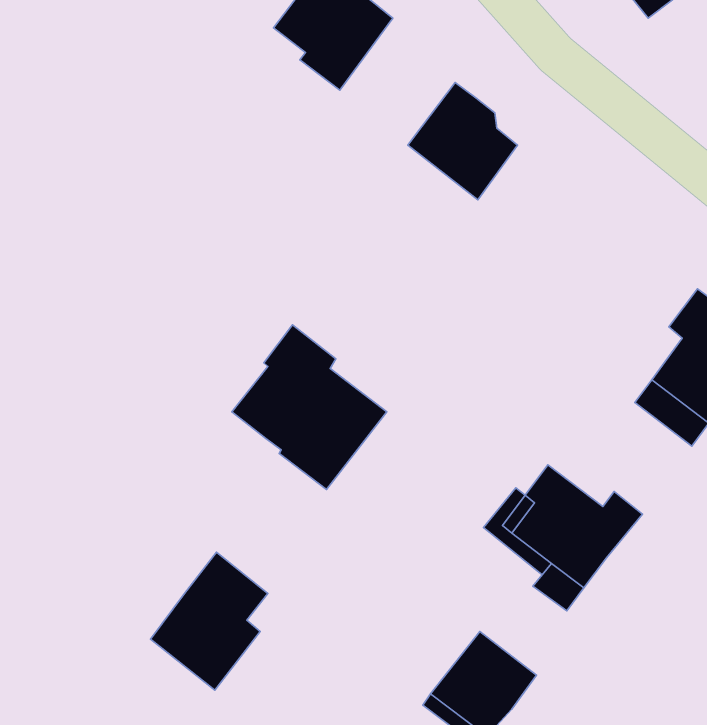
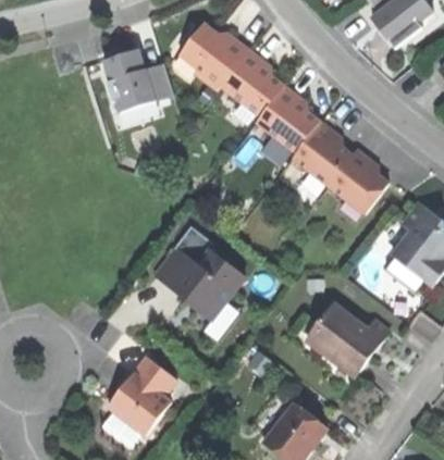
building: none -> [220,48,283,116]
building: none -> [103,50,173,110]
building: none -> [292,121,387,213]

